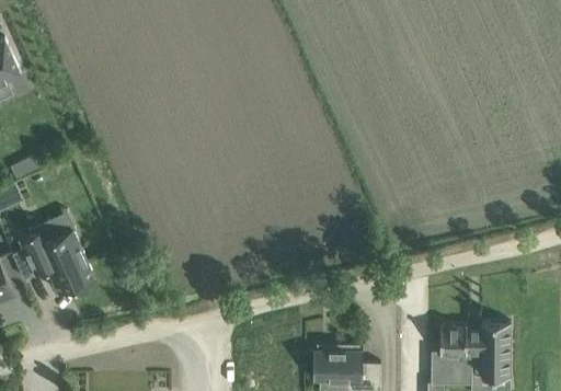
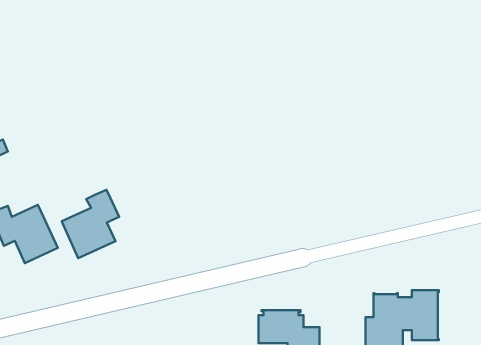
building: none -> [62,190,119,258]

